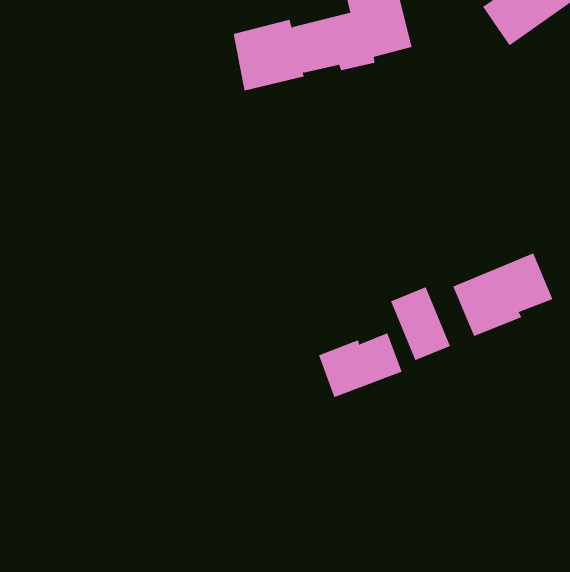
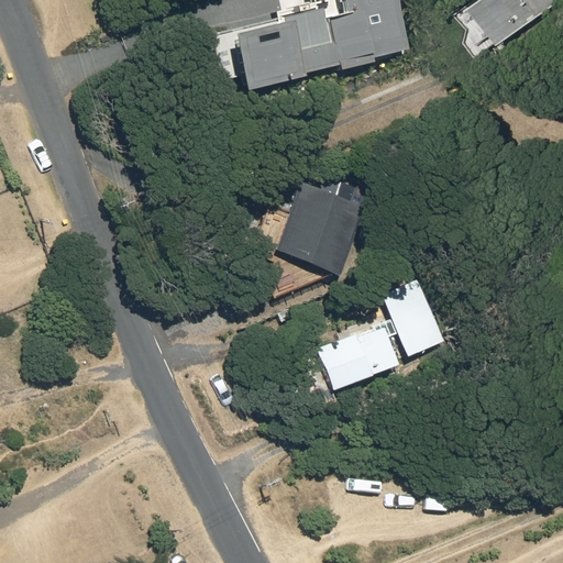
building: none -> [275,184,365,274]
building: [452,252,553,337] -> none

